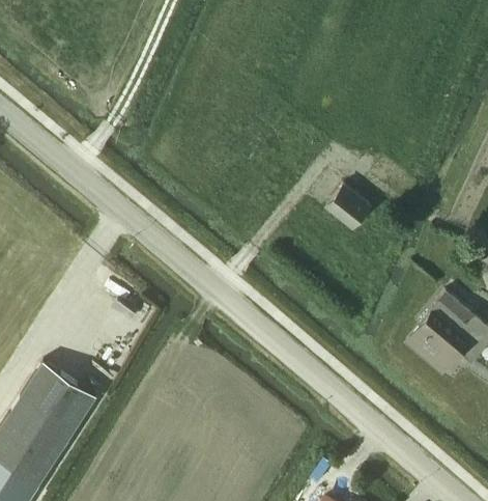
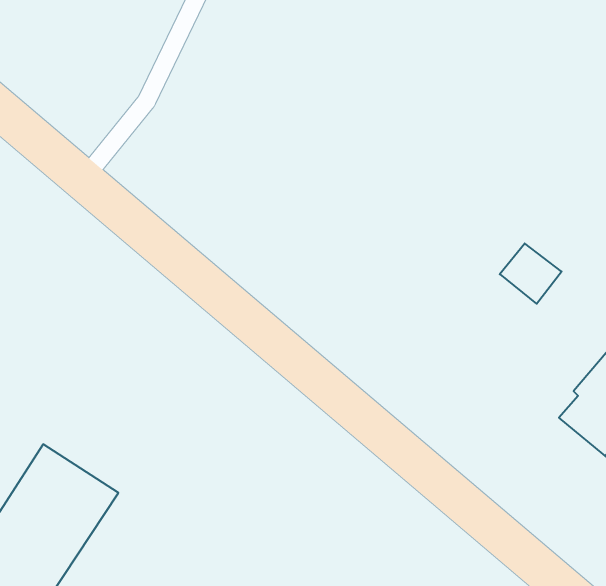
building: [327,187,371,229] -> [500,243,562,304]

